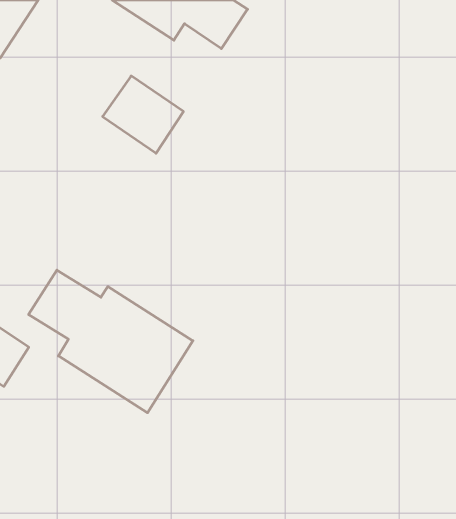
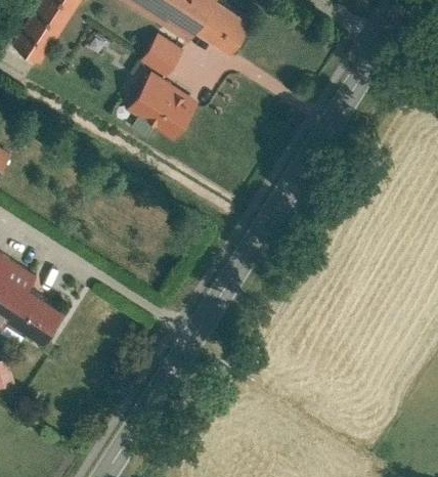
building: none -> [143,33,186,76]
building: [29,270,193,413] -> none

